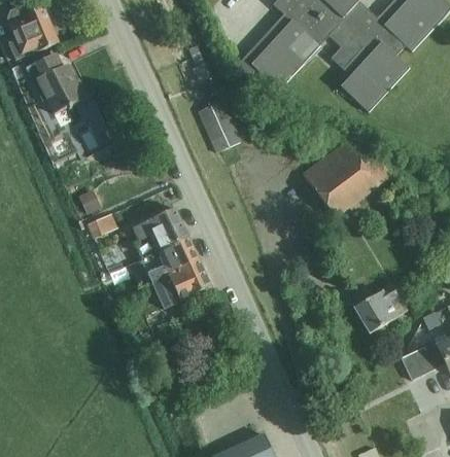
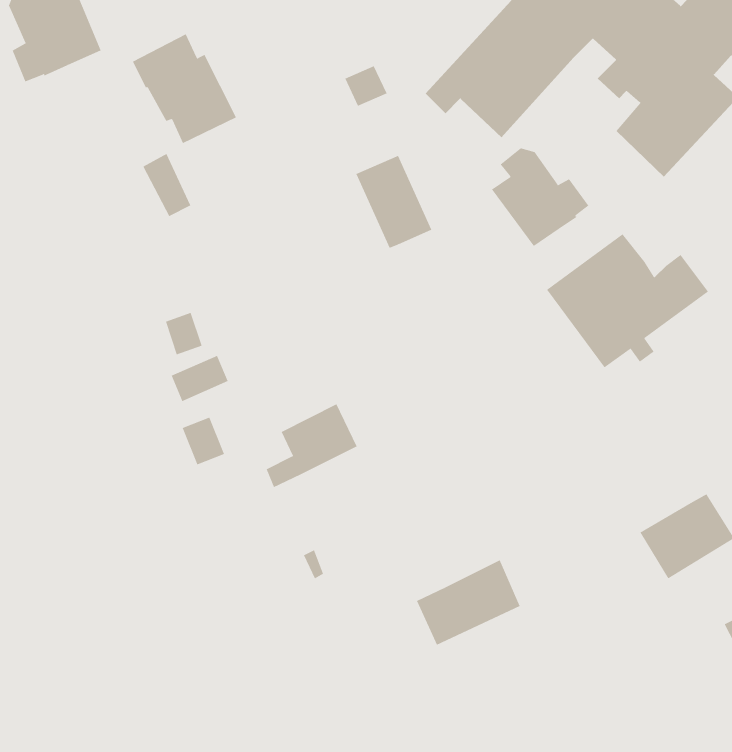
building: [25,52,82,113] -> [132,34,237,144]
building: none -> [491,148,589,247]
building: [131,208,186,252] -> none
building: [151,260,209,308] -> [416,560,521,646]

